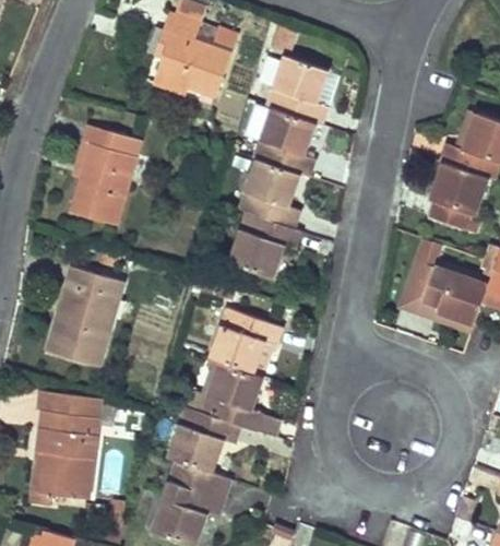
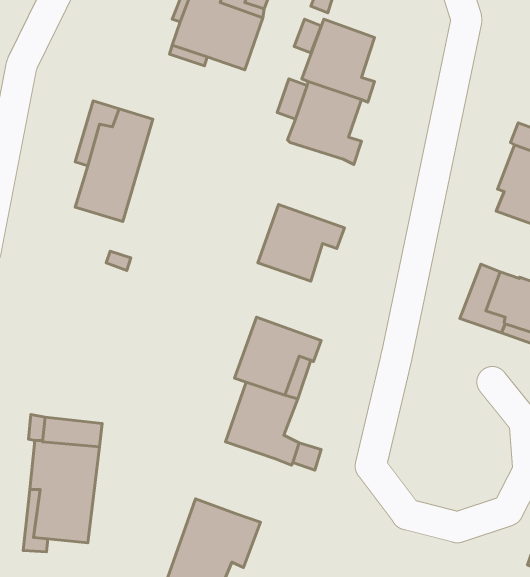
building: [238,159,300,228] -> none
building: [47,265,123,367] -> none
building: [167,407,242,473] -> none

